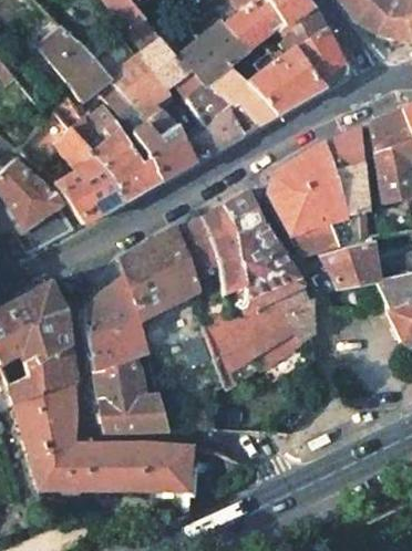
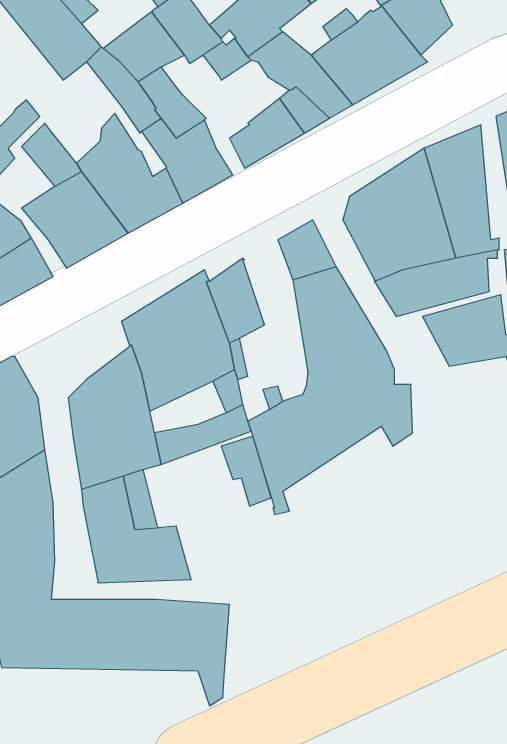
building: [187,85,233,127] -> none
building: [73,105,116,154] -> none
building: [202,205,244,294] -> none

